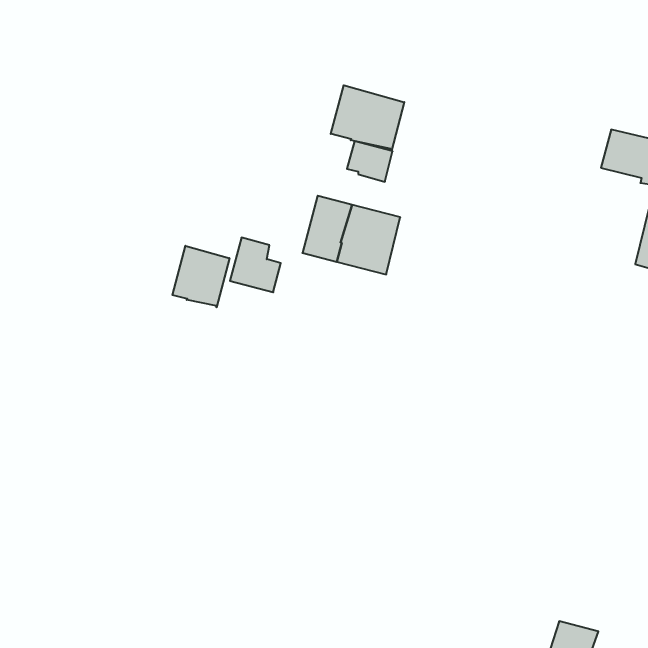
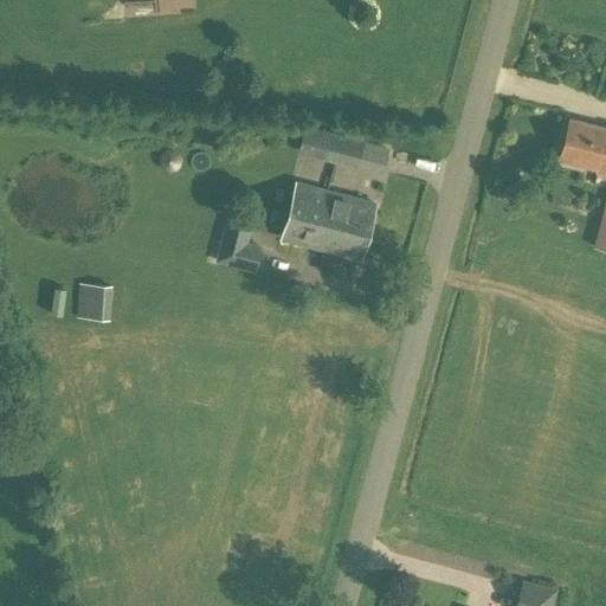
building: [331,85,404,151] -> none
building: [172,246,229,307] -> none
building: none -> [85,285,114,320]

